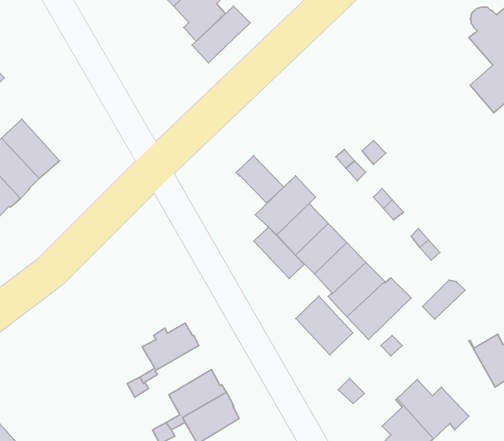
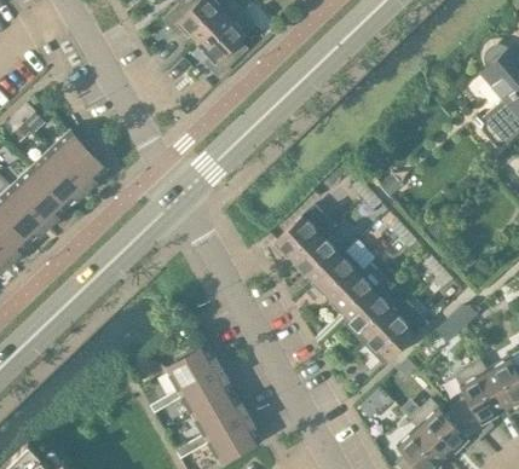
building: [192,6,250,63] -> none
building: none -> [50,134,105,192]
building: [236,156,284,203] -> none
building: [254,227,304,279] -> none
building: [296,296,353,355] -> none
building: none -> [454,365,506,438]
building: none -> [178,370,232,417]

